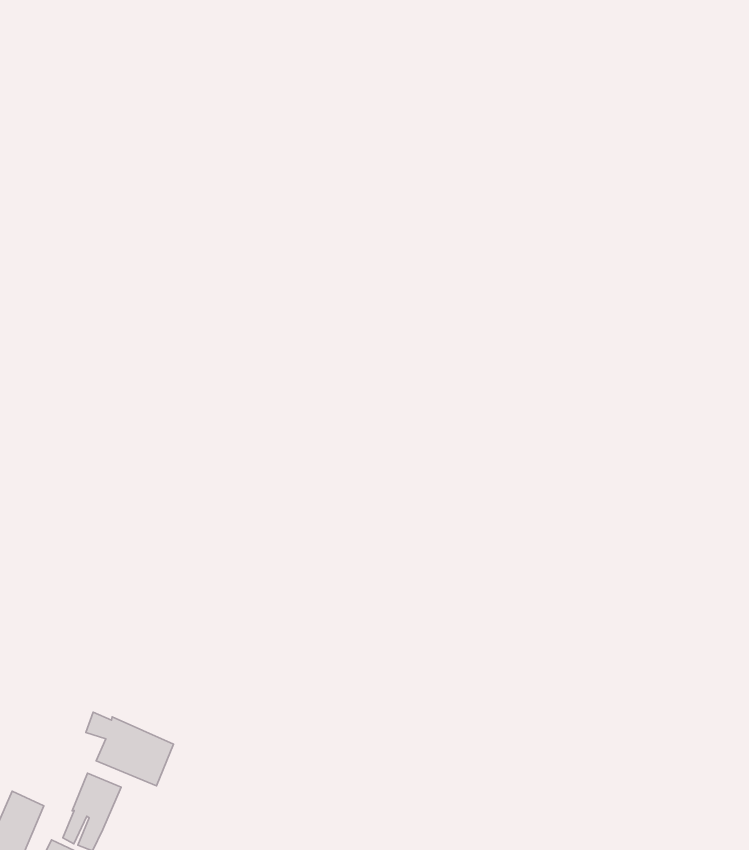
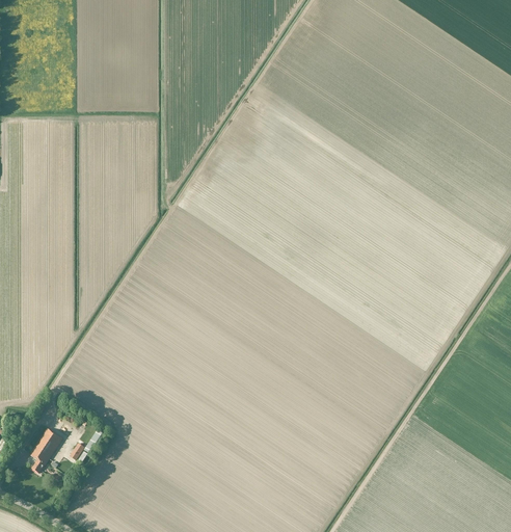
building: [86,712,174,786] -> none

